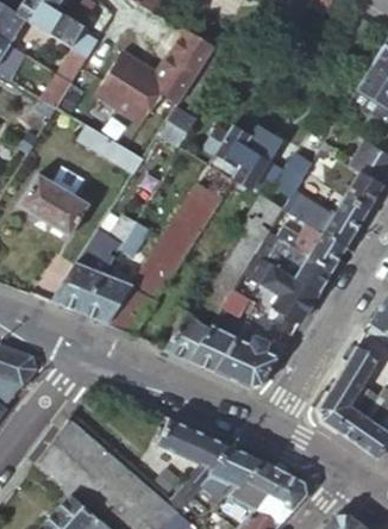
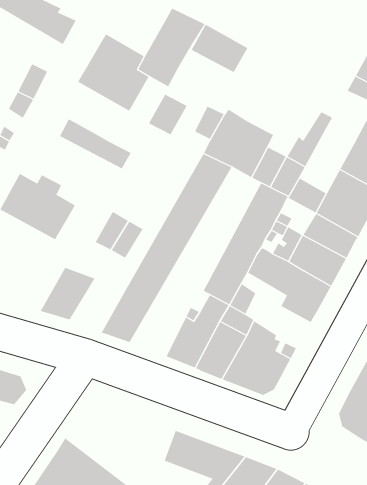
building: none -> [191,24,248,73]
building: [79,273,131,323] -> none

